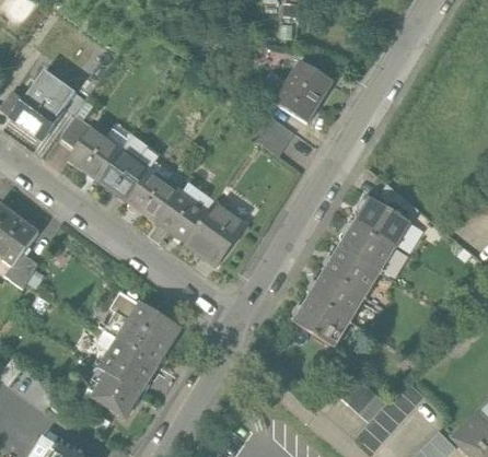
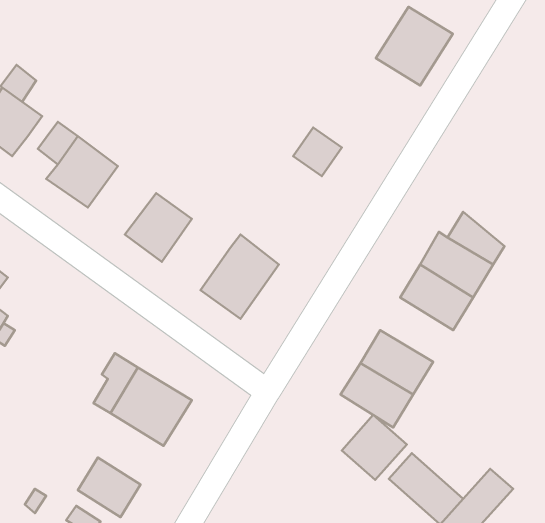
building: [274,63,333,124] -> [376,7,453,85]
building: [48,82,85,128] -> none
building: [98,148,151,200] -> none
building: [155,188,208,243] -> none
building: [323,248,379,297] -> none
building: [98,337,156,391] -> none
building: none -> [342,415,407,480]

